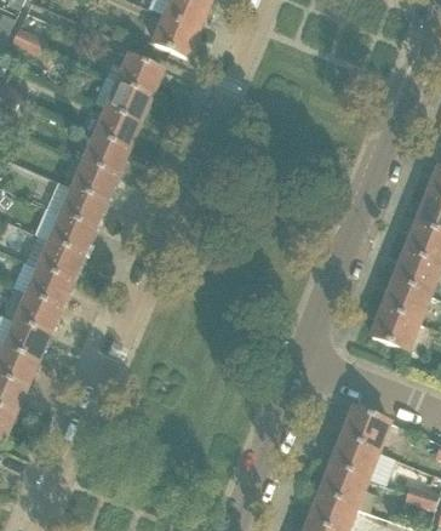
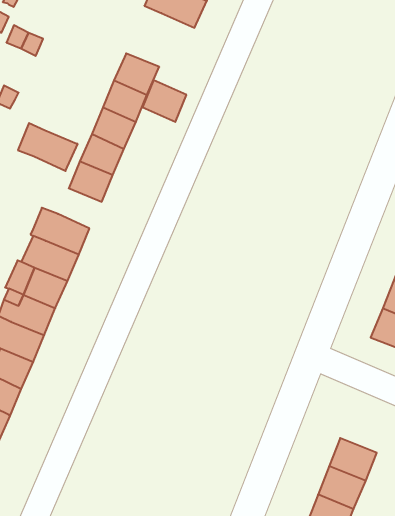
building: [154,16,197,57] -> [142,80,186,122]
building: [46,182,105,229] -> [18,123,78,171]
building: [342,409,389,451] -> none

